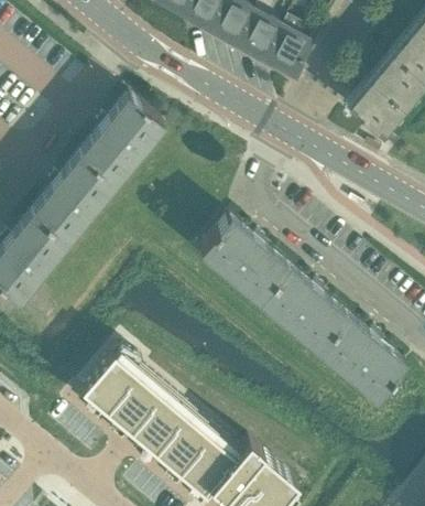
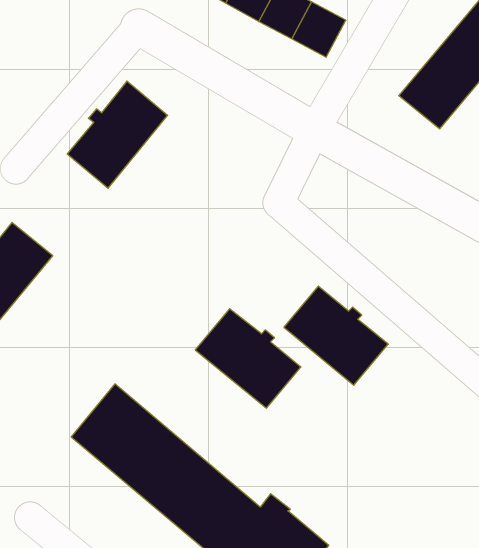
building: [29,155,109,240] -> none
building: [196,217,284,300] -> [195,309,301,408]
building: [314,314,401,397] -> none

